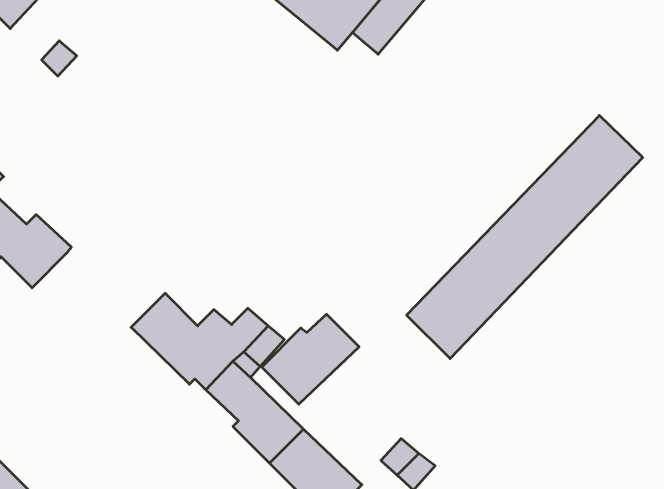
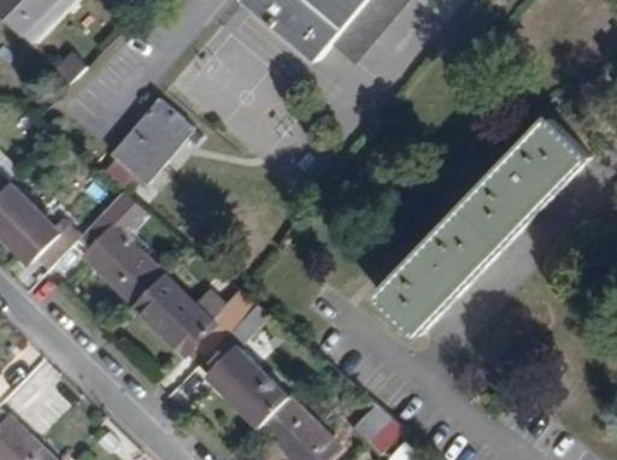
building: none -> [110,99,193,184]
building: none -> [77,193,164,306]
building: [262,314,359,404] -> none

